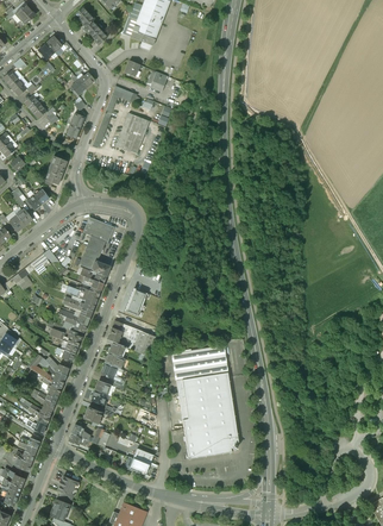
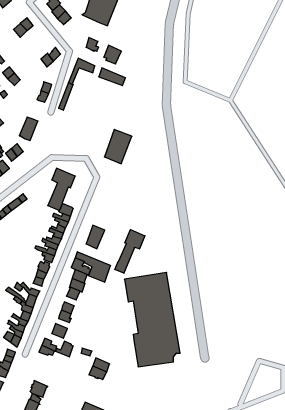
building: [115,112,149,154] -> [104,129,132,164]
building: none -> [115,230,145,273]

